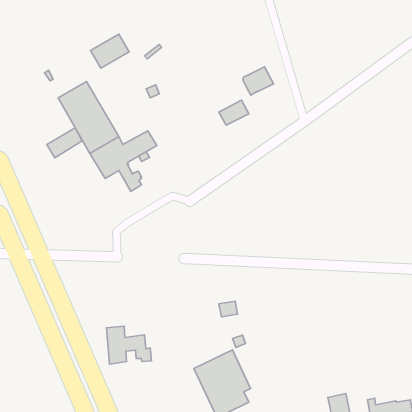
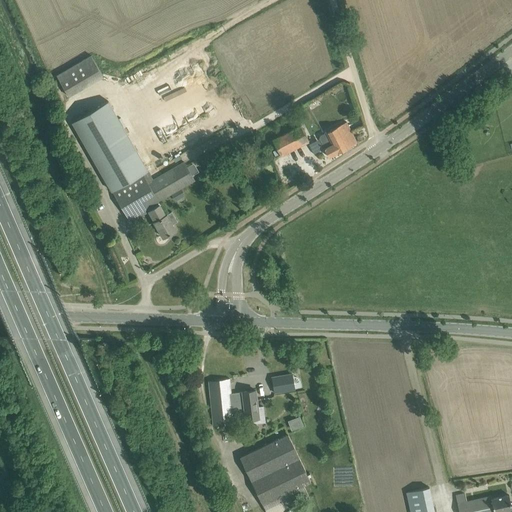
building: [90,34,129,68] -> [55,56,103,98]
building: [243,67,273,95] -> [318,123,356,158]
building: [47,128,82,158] -> none
building: [106,326,152,364] -> [208,380,264,427]

